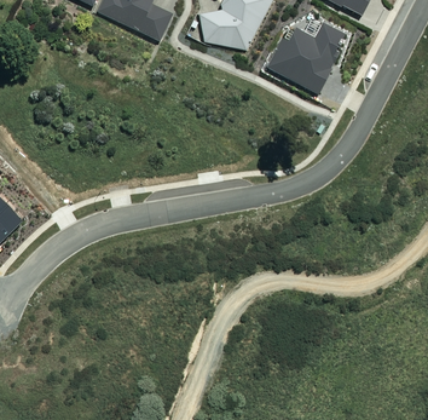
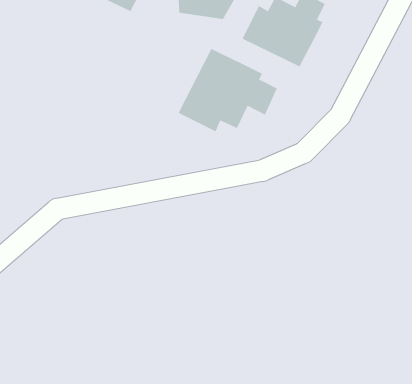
building: none -> [178,48,277,132]

